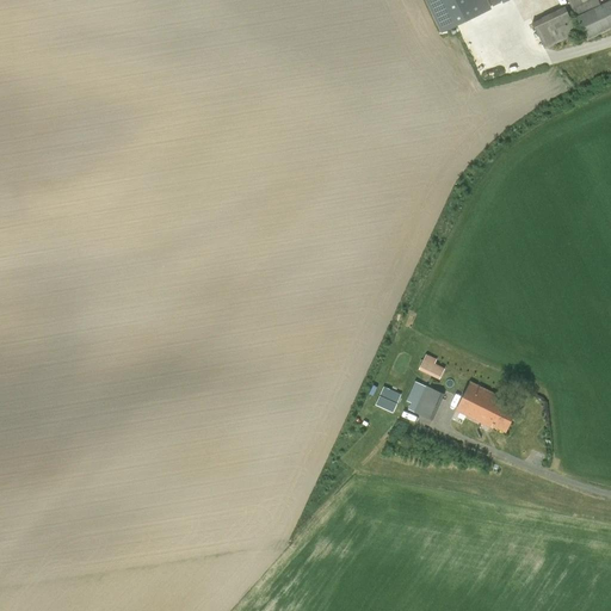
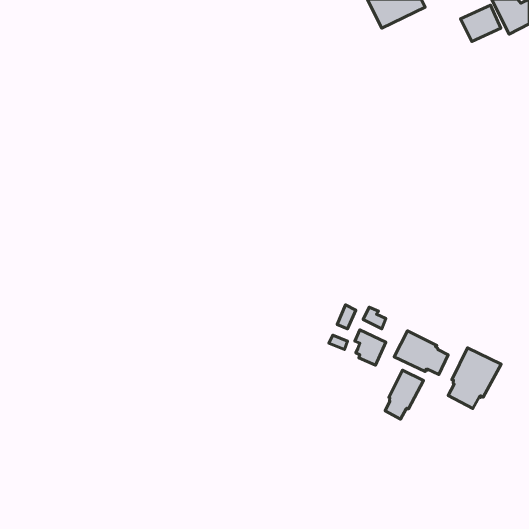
building: none -> [448,348,501,408]
building: none -> [385,370,424,419]

